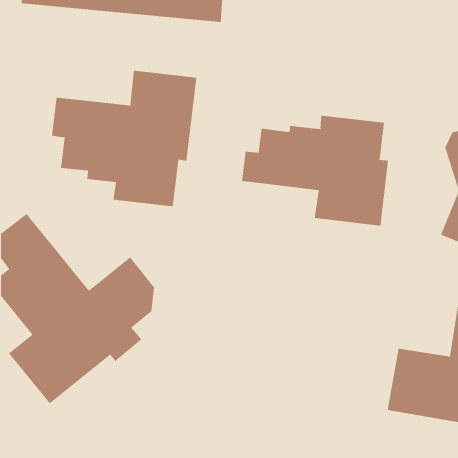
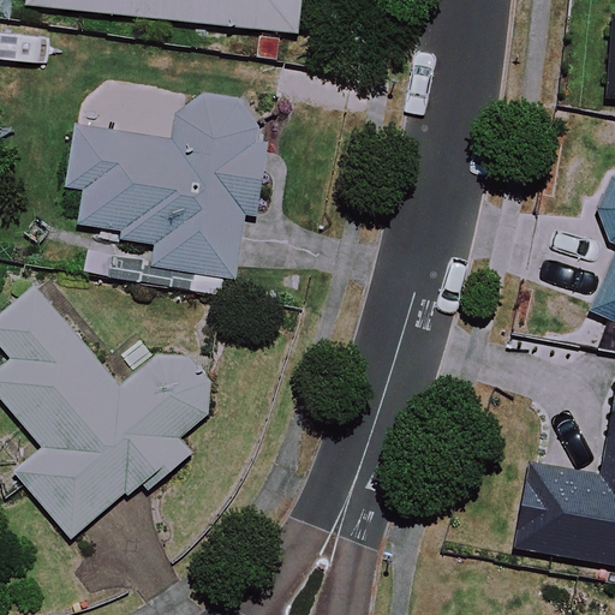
building: [241,115,389,227] -> none

